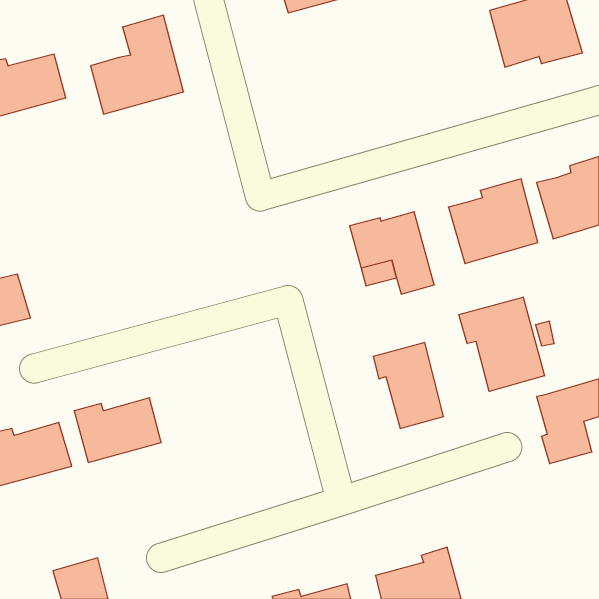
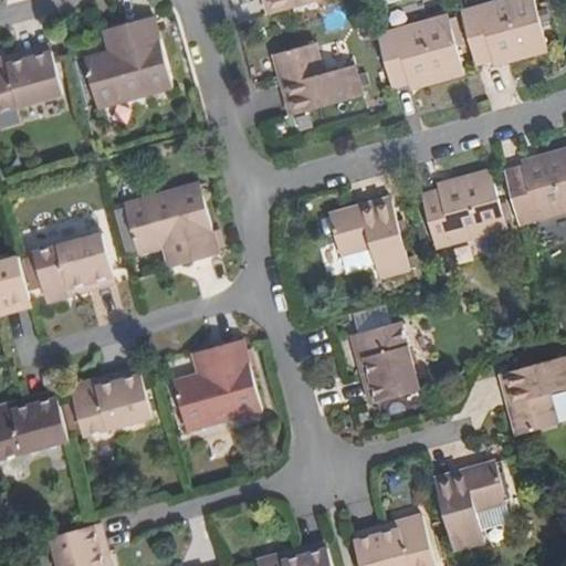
building: none -> [376,13,463,86]
building: none -> [272,43,361,114]
building: none -> [124,182,218,263]
building: none -> [33,233,113,301]
building: [459,297,544,391] -> none
building: none -> [174,339,261,430]
building: none -> [436,461,505,551]

